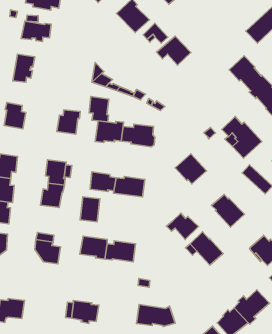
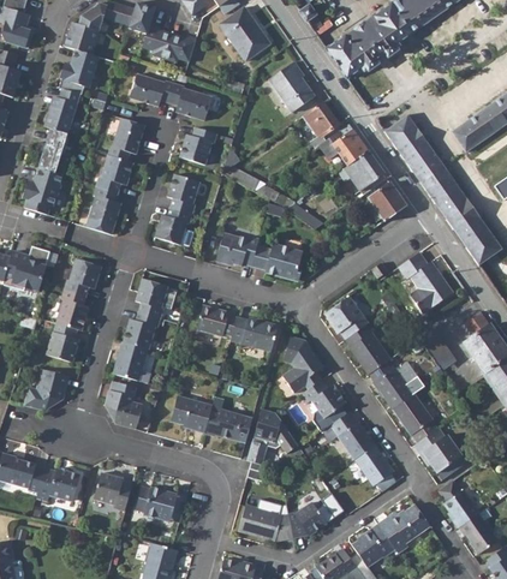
building: none -> [384,114,446,184]
building: none -> [171,83,213,120]
building: none -> [181,125,217,162]
building: none -> [346,151,386,191]
building: none -> [370,183,407,221]
building: none -> [96,155,133,193]
building: [89,97,109,122] -> [174,174,205,214]
building: none -> [345,324,390,376]
building: none -> [284,336,326,393]
building: [80,197,100,222] -> [115,340,148,378]
building: none -> [392,394,437,442]
building: none -> [247,407,299,462]
building: none -> [354,446,396,491]
building: none -> [96,471,135,509]
building: none -> [288,501,335,536]

